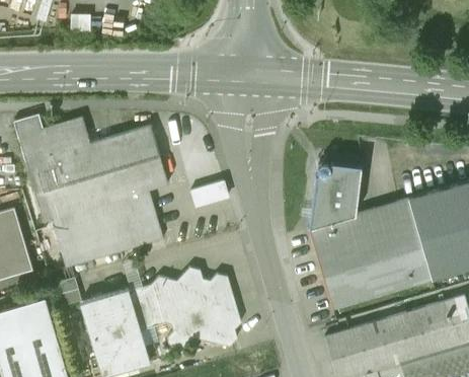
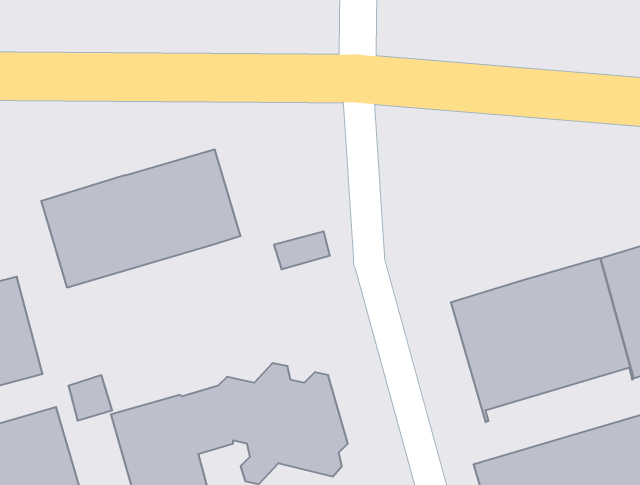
building: [14,116,89,163] -> none
building: [308,162,361,228] -> none
building: [51,190,162,267] -> none

